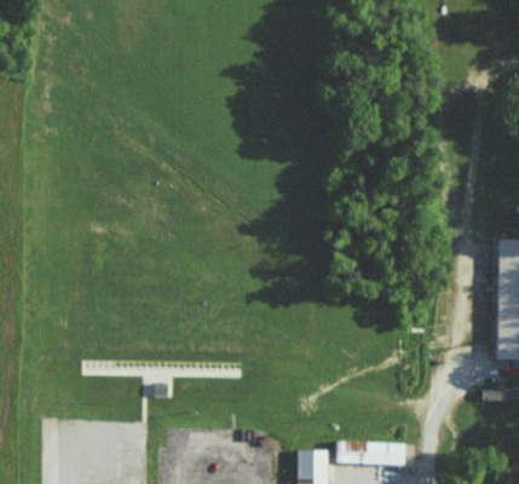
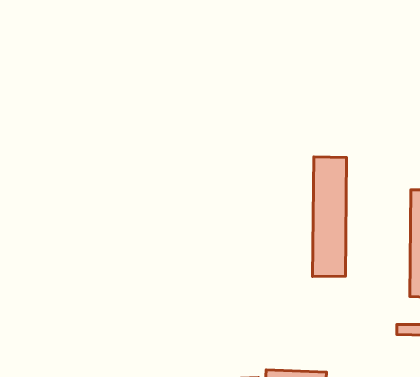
building: none -> [313,157,347,276]

